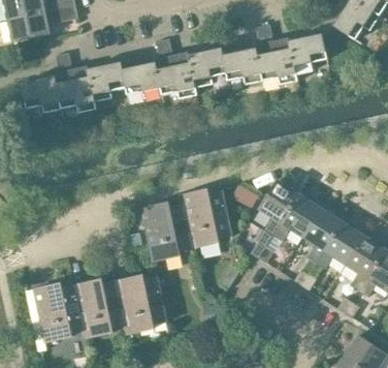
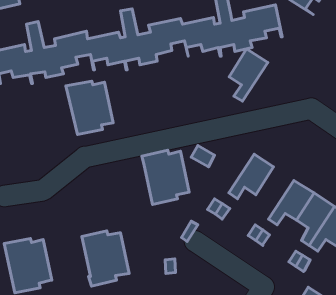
building: [258,179,299,235] -> [229,49,268,101]
building: [140,203,191,259] -> [66,81,113,134]
building: [301,207,342,263] -> none
building: [74,279,125,337] -> none

